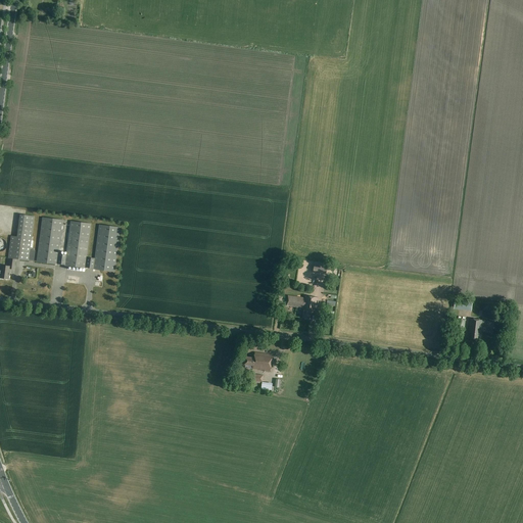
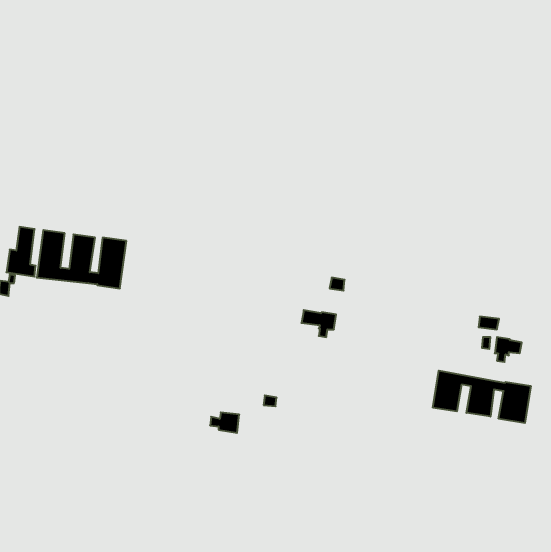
building: none -> [433,371,531,423]
building: [244,352,272,372] -> [210,412,239,433]

